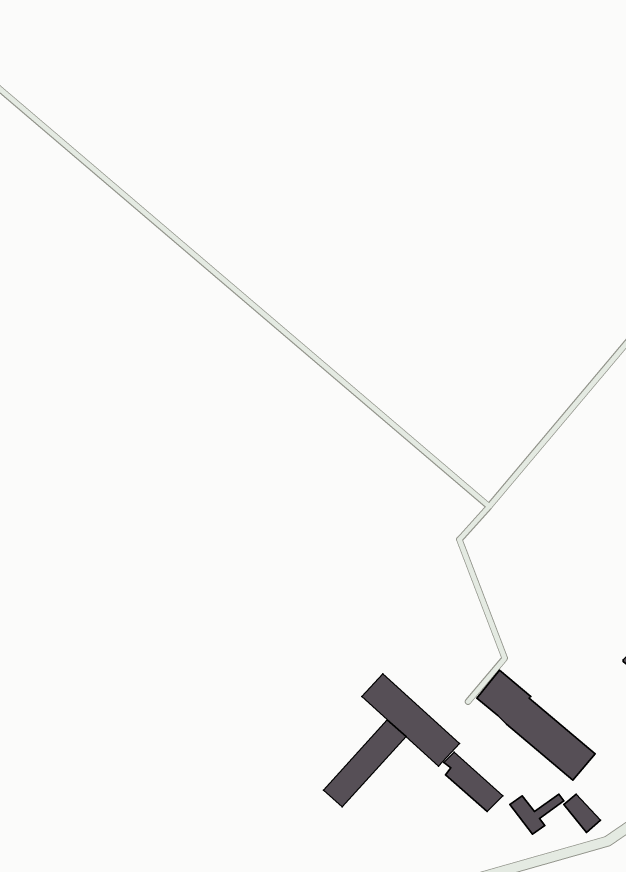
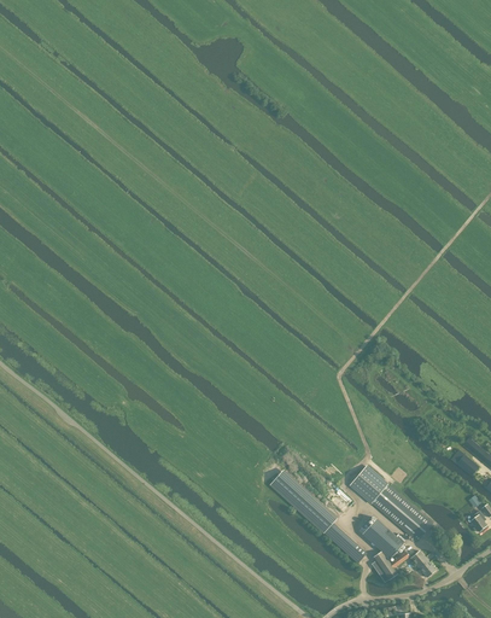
building: [323,720,406,807] -> none
building: none -> [361,519,403,560]

